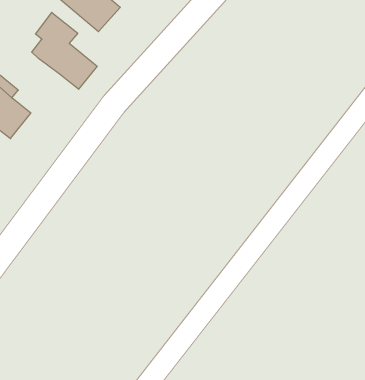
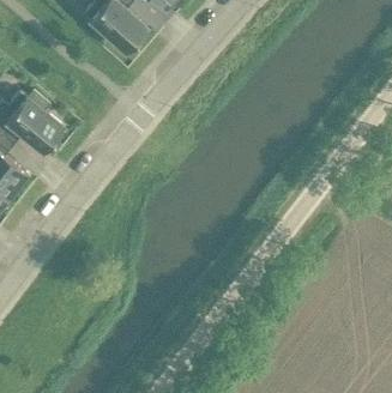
building: [32,12,97,89] -> none

